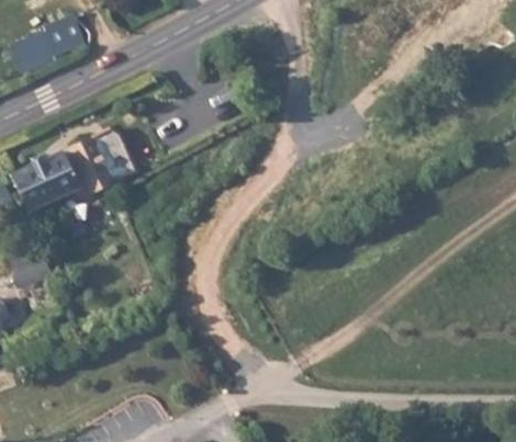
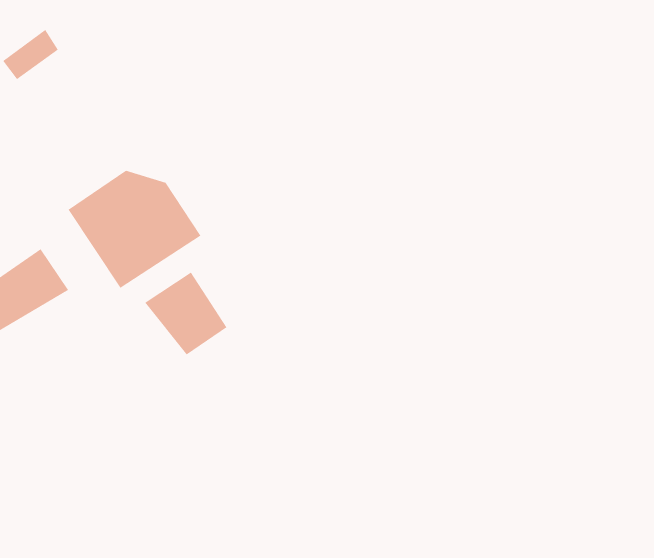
building: none -> [144,271,227,355]

